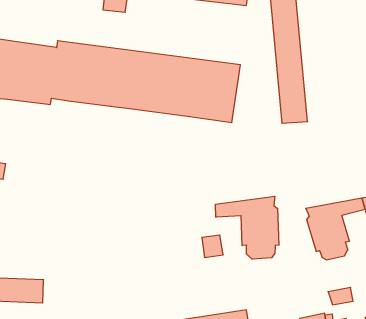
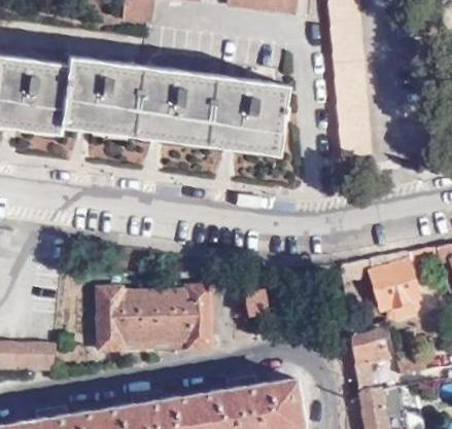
building: [216,196,279,259] -> none
building: none -> [99,286,211,349]
building: none -> [352,328,390,367]

